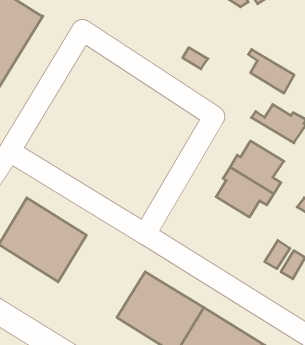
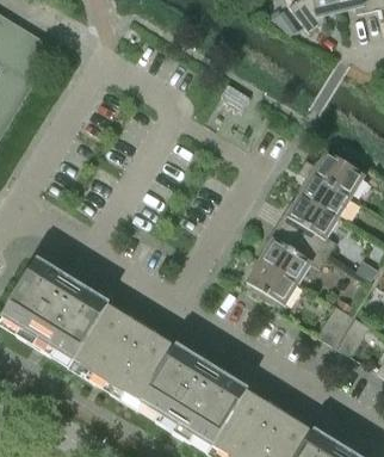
building: [248,49,294,93] -> [297,166,351,217]
building: none -> [246,259,298,308]
building: none -> [73,304,175,401]

